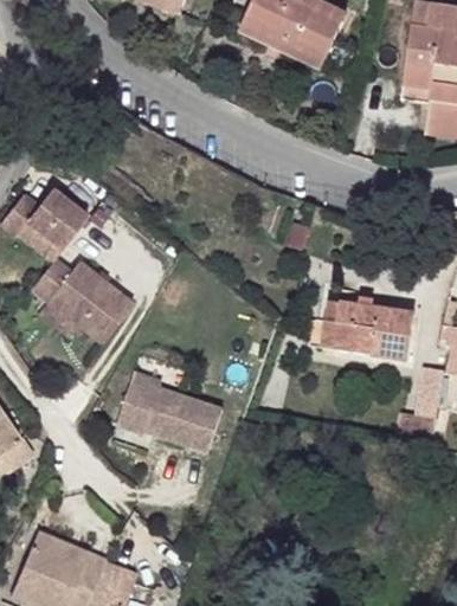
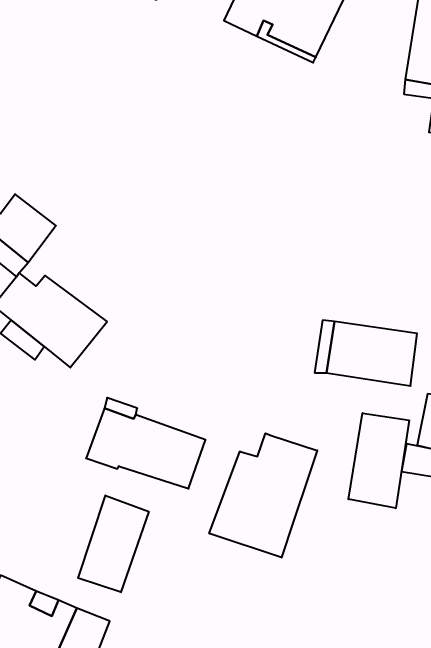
building: none -> [348,413,409,508]
building: none -> [209,433,317,558]
building: none -> [78,495,149,592]

